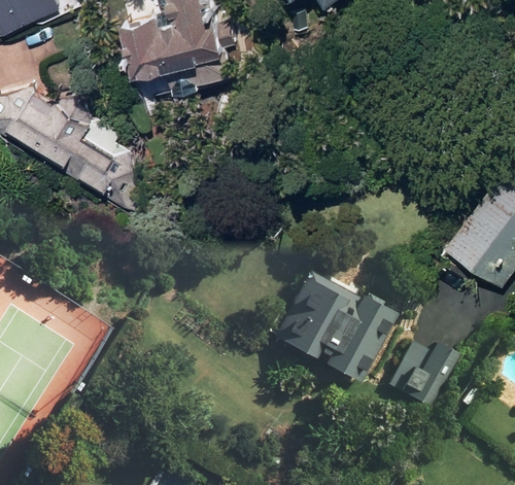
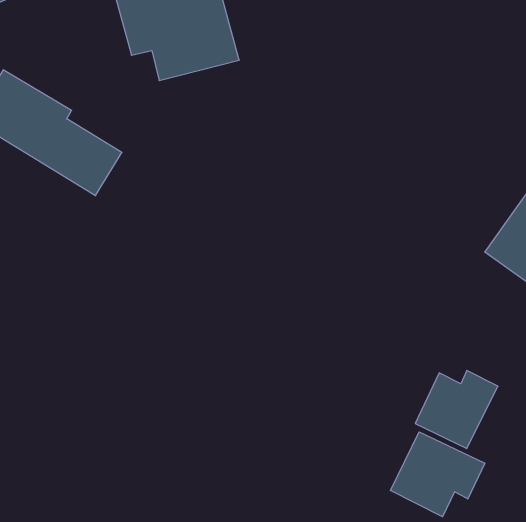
building: [267,269,393,385] -> none
building: none -> [391,432,485,517]

